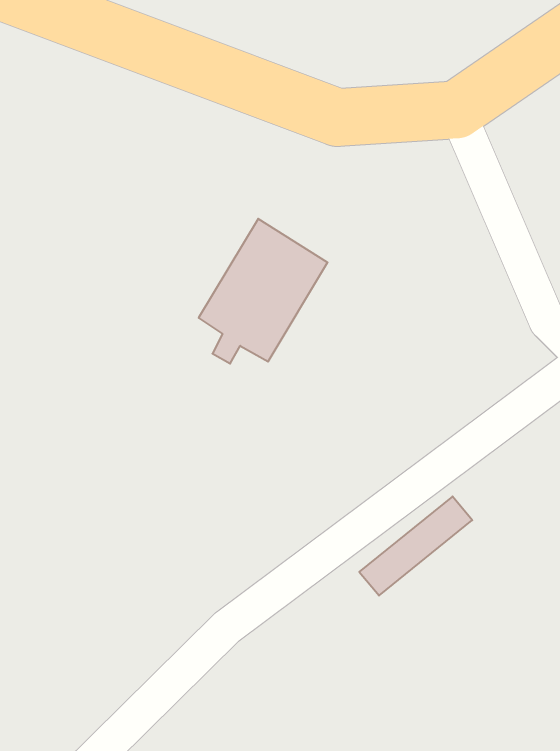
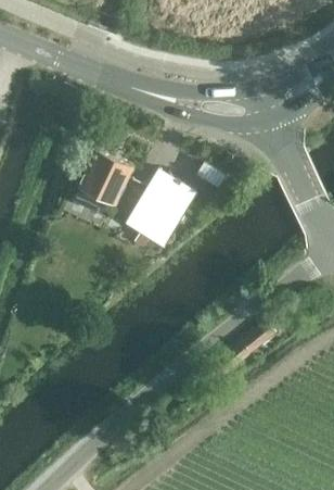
building: none -> [73,148,133,213]

